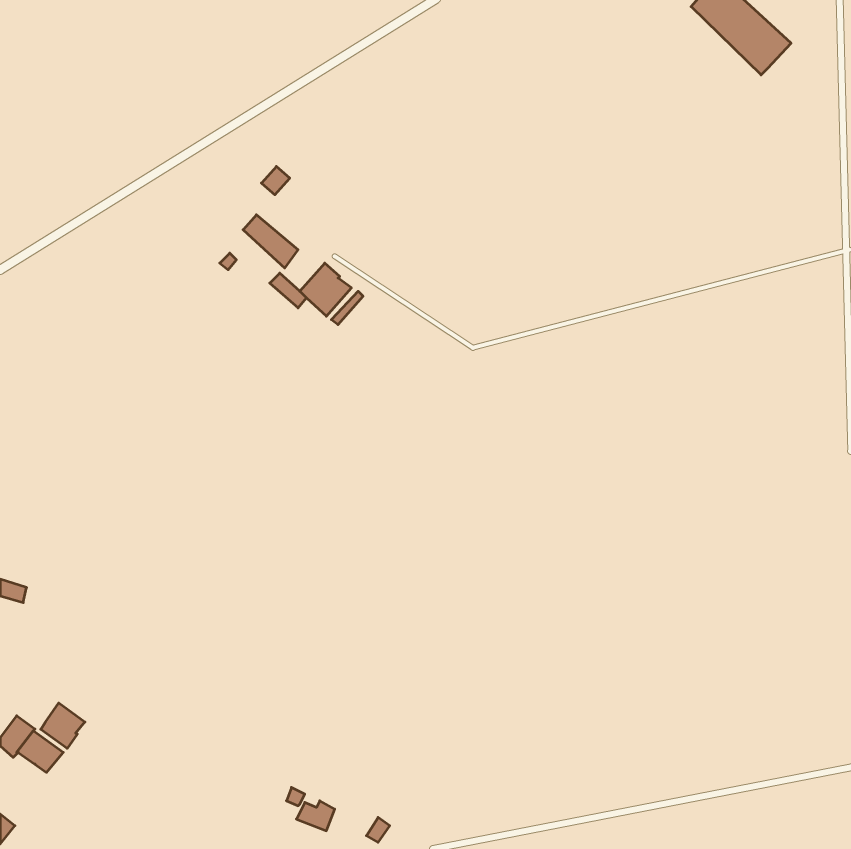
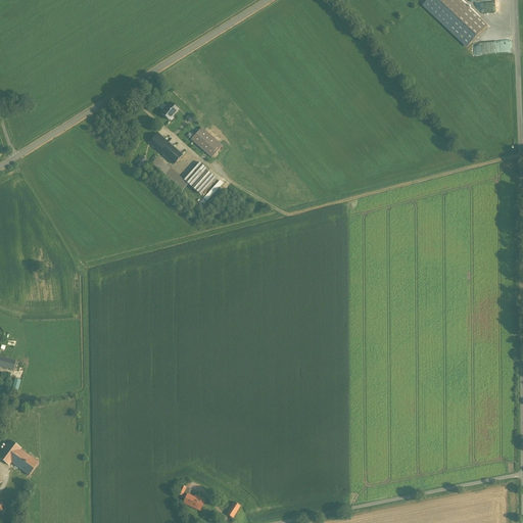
building: none -> [191,127,222,156]
building: [41,703,85,748] -> none

